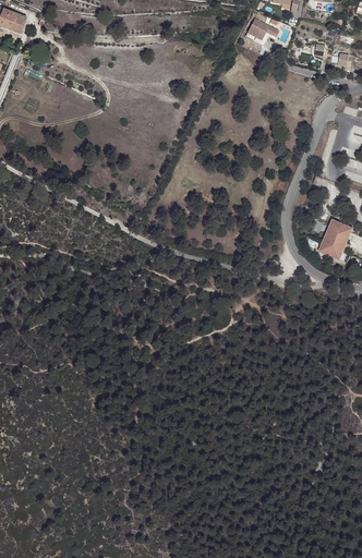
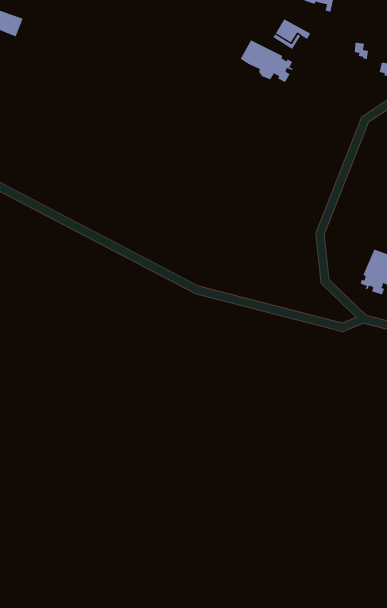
building: none -> [240,39,293,83]

